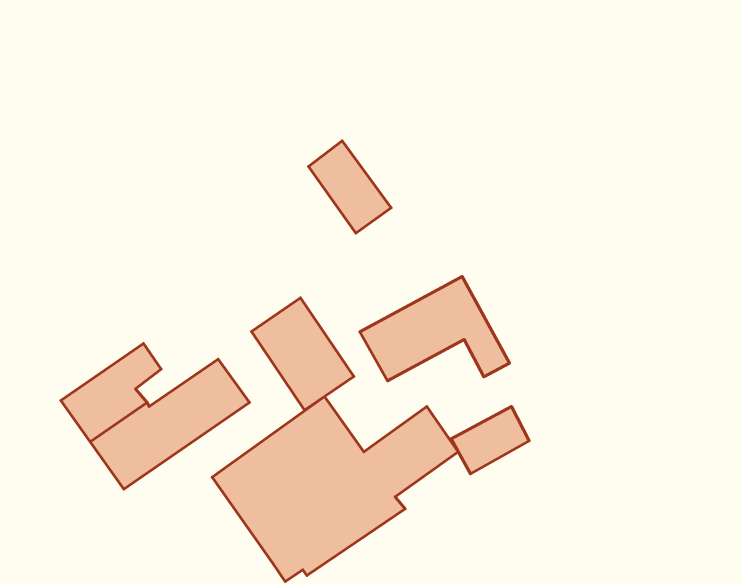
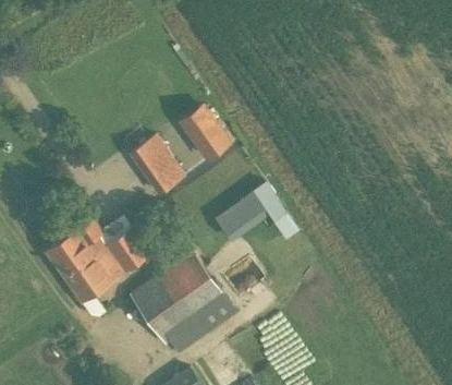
building: [251,298,354,410] -> [130,134,186,196]
building: [451,407,529,474] -> none

